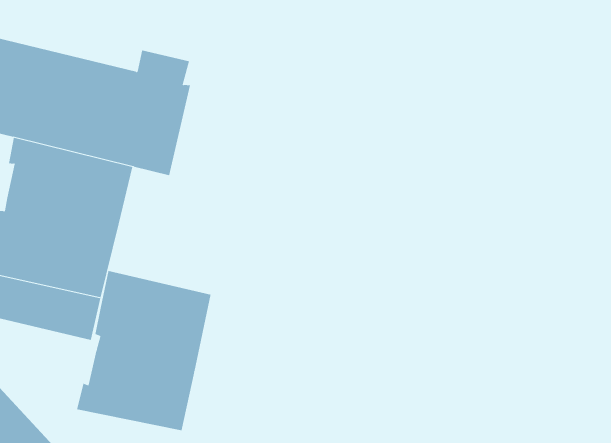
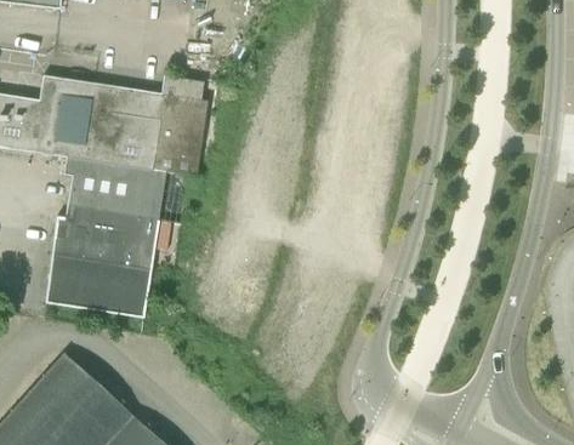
building: [76,270,211,431] -> none

